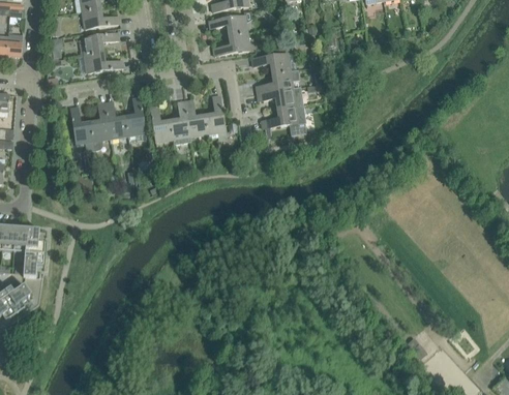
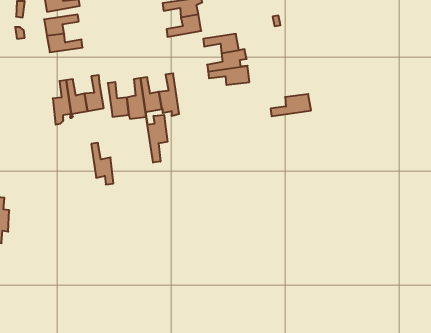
building: [262,104,305,128] -> [271,94,311,116]
building: [70,107,94,151] -> [91,143,113,184]
building: none -> [146,115,168,163]

